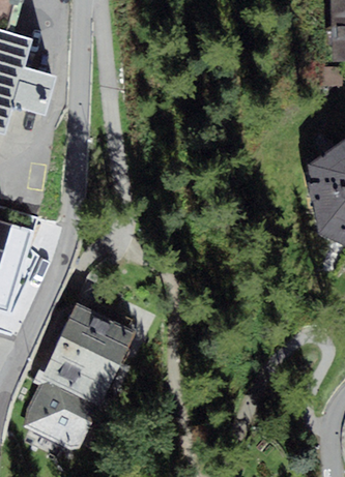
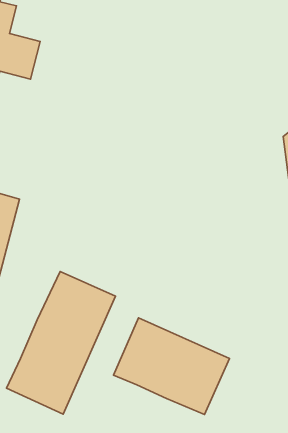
building: none -> [114,318,230,414]

